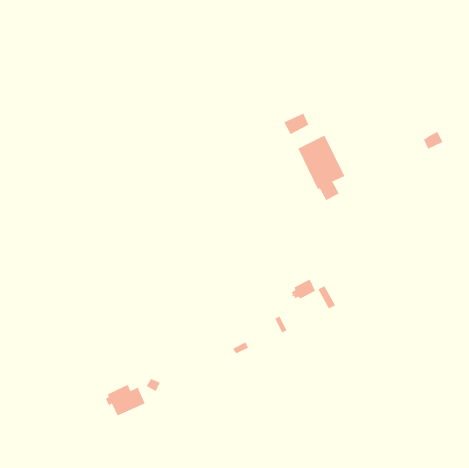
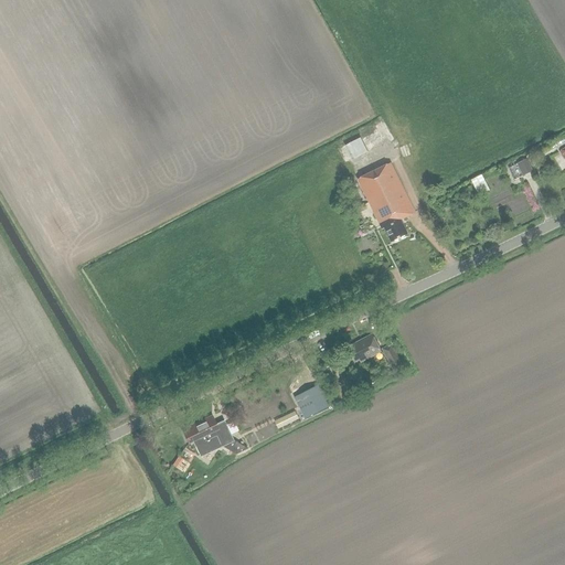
building: none -> [295,383,331,418]
building: [105,384,146,416] -> [184,416,233,455]

